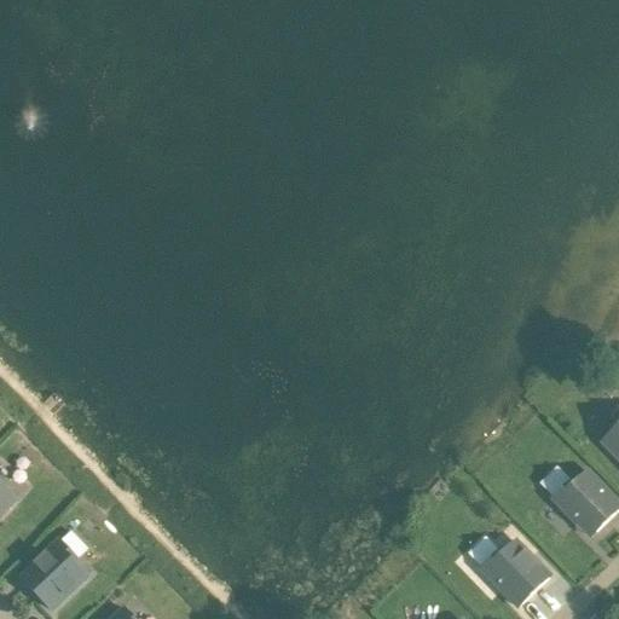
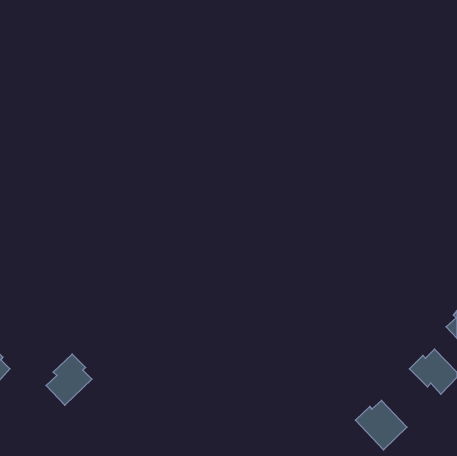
building: [23,539,85,608] -> [46,354,92,405]

